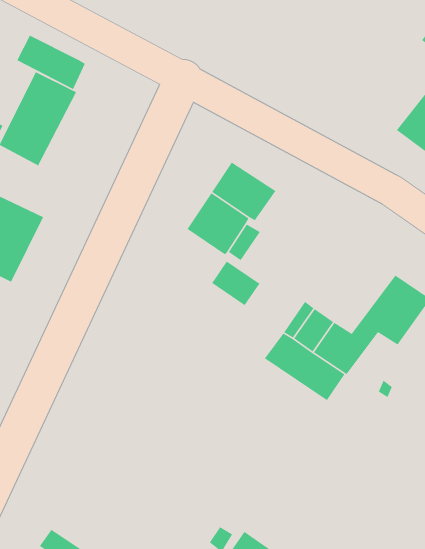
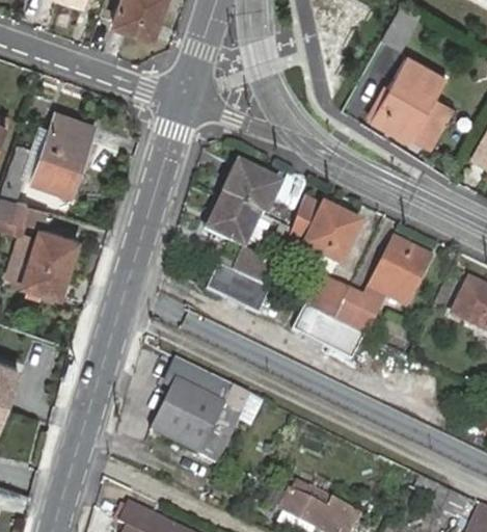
building: [16,35,86,90] -> none
building: none -> [288,197,358,263]
building: none -> [207,265,269,314]
building: none -> [151,356,249,460]

